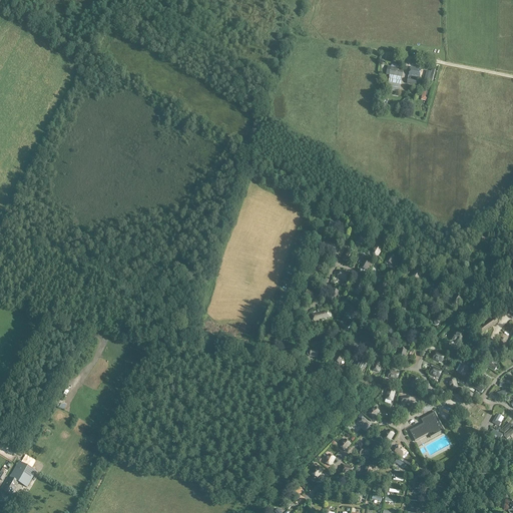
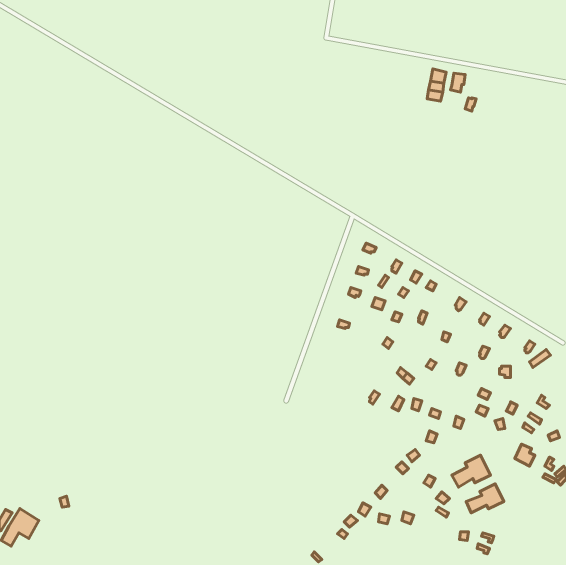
building: none -> [466,484,504,513]

